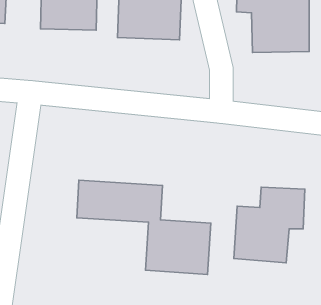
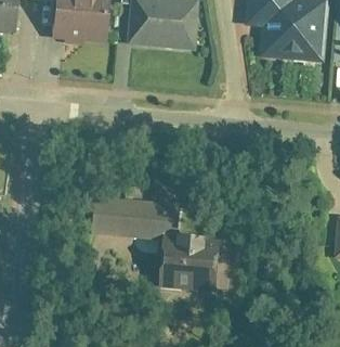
building: [234,187,305,263] -> none

